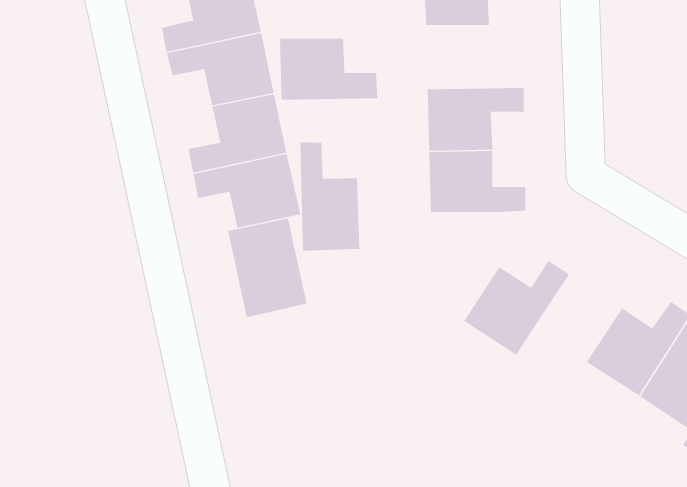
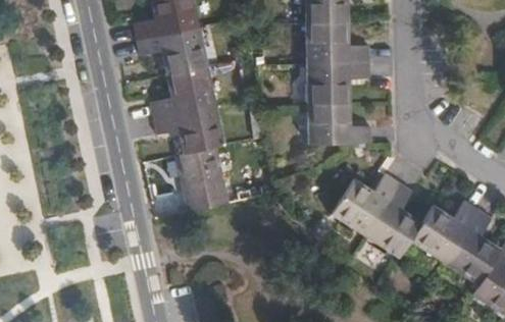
building: [279,38,378,101] -> [305,22,369,63]
building: [299,141,360,251] -> none
building: none -> [364,183,421,258]

